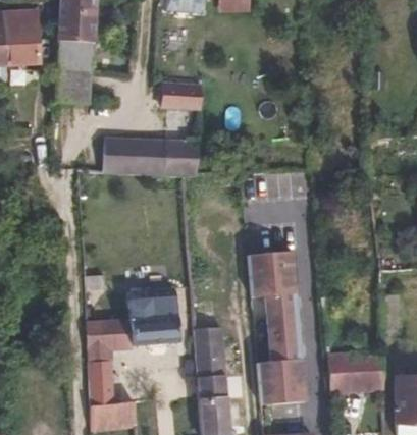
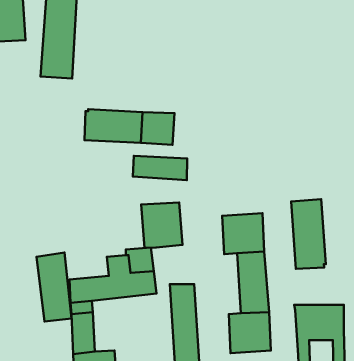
building: [165,84,205,109] -> none
building: none -> [133,156,187,180]
building: none -> [291,199,326,269]
building: none -> [141,203,183,248]
building: none -> [37,253,72,322]

